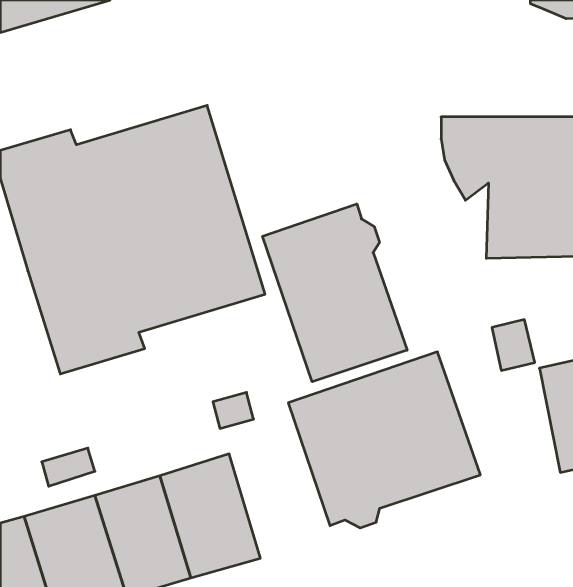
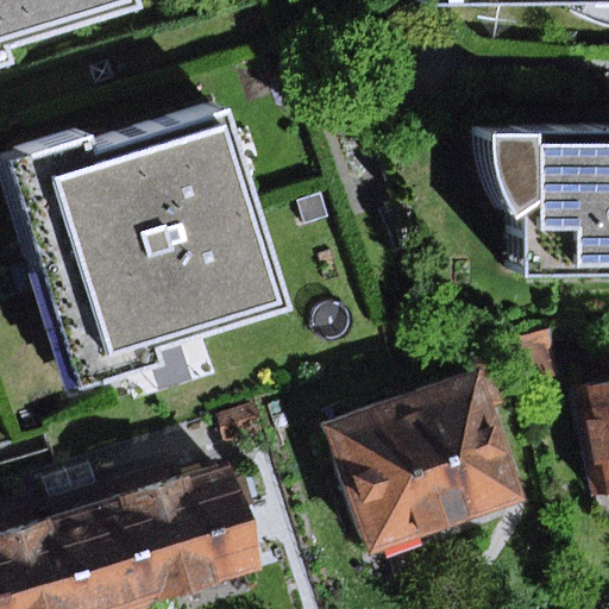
building: [263,204,407,382] -> none

